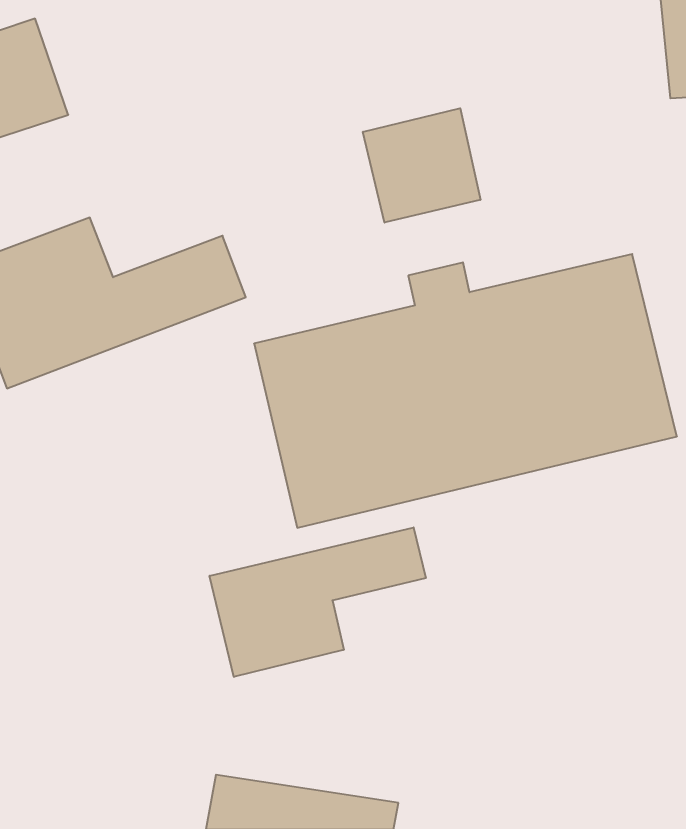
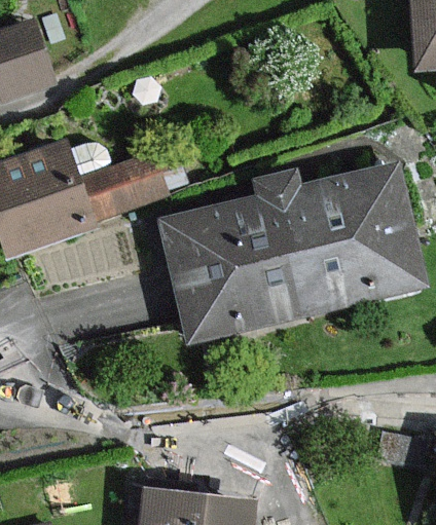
building: [363,108,480,223] -> none
building: [210,527,426,677] -> none

